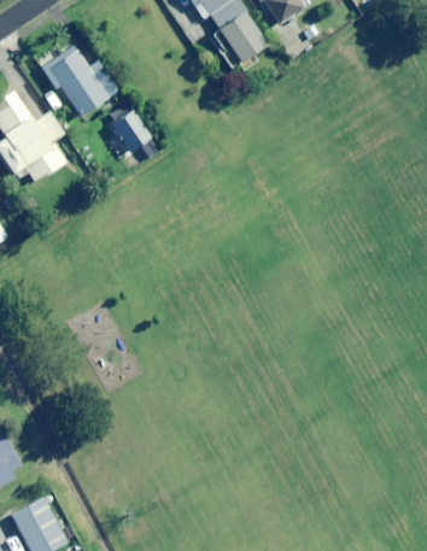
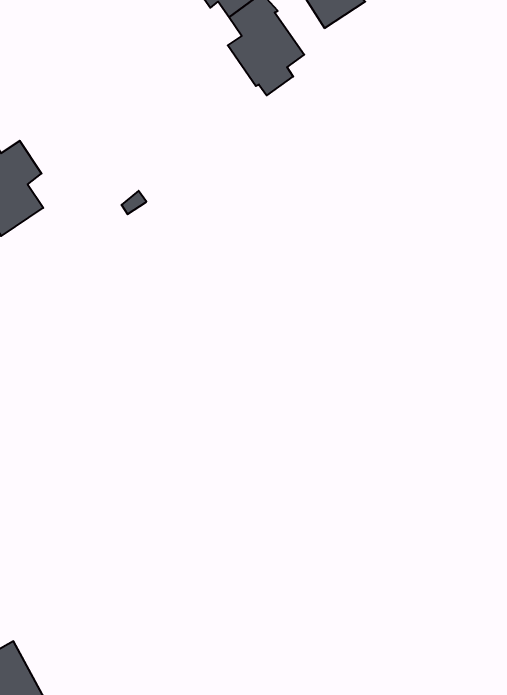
building: [40,43,118,117] -> none
building: [110,111,150,152] -> none

